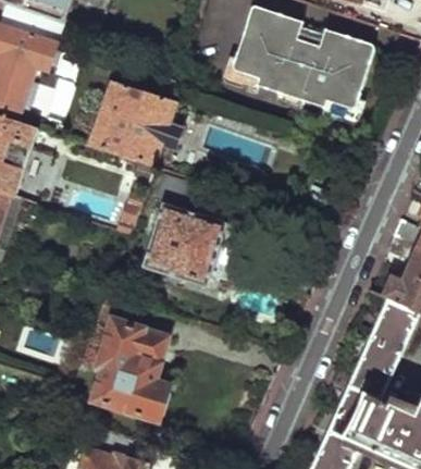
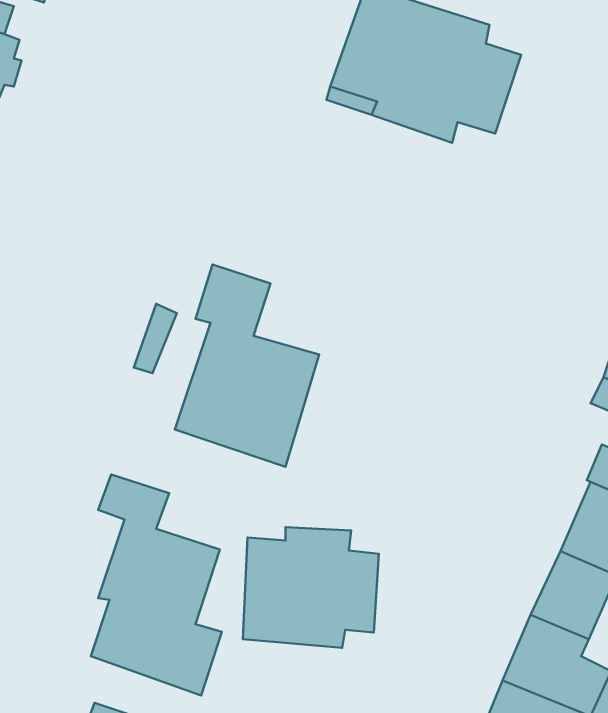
building: [305,32,373,115] -> none
building: [90,79,178,166] -> none
building: none -> [243,527,379,648]

